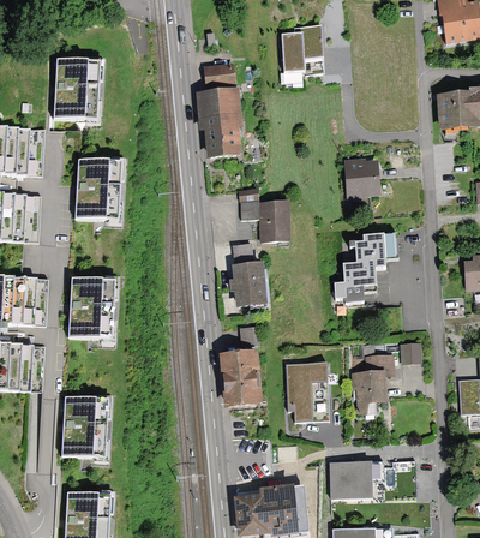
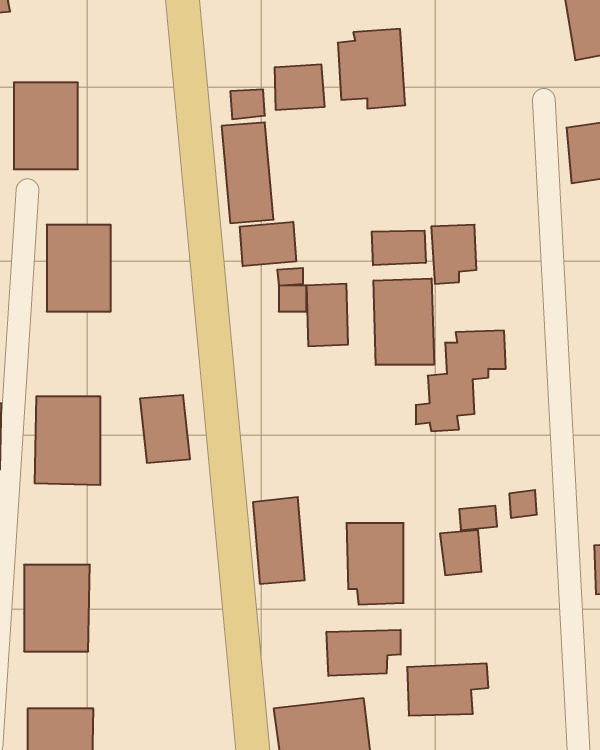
building: none -> [275,64,324,110]
building: none -> [240,222,296,266]
building: none -> [372,231,426,265]
building: none -> [374,278,434,365]
building: [230,259,265,306] -> [140,395,190,463]
building: none -> [327,630,401,676]

